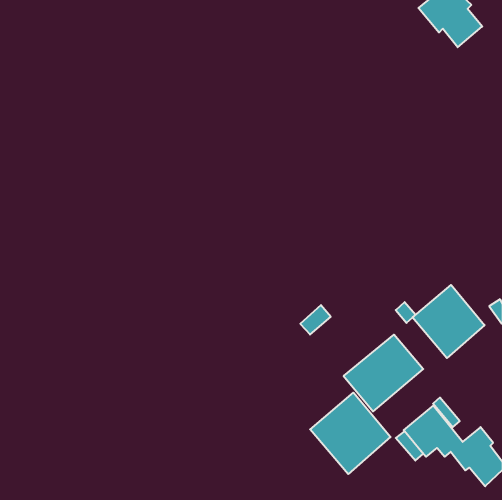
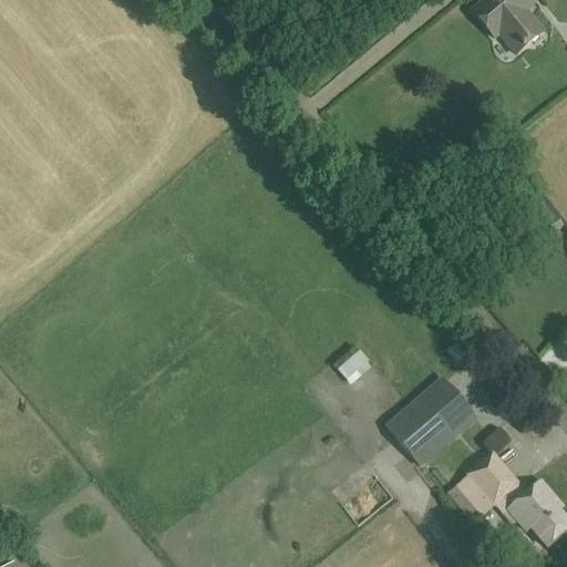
building: [412,285,485,358] -> none
building: [310,393,391,474] -> none

